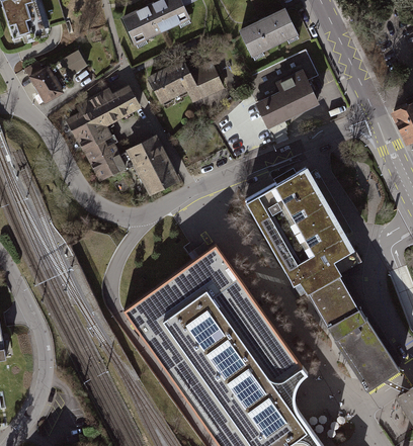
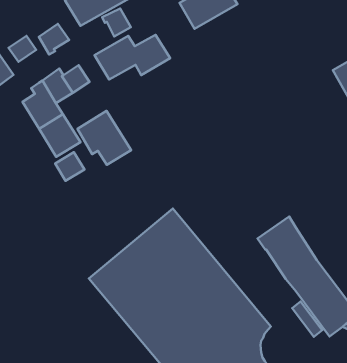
building: none -> [102,8,131,37]
building: none -> [39,24,69,55]
building: [254,53,319,130] -> none
building: [245,167,359,283] -> none
building: none -> [55,152,84,181]

